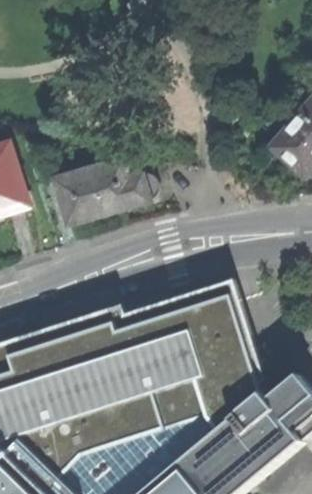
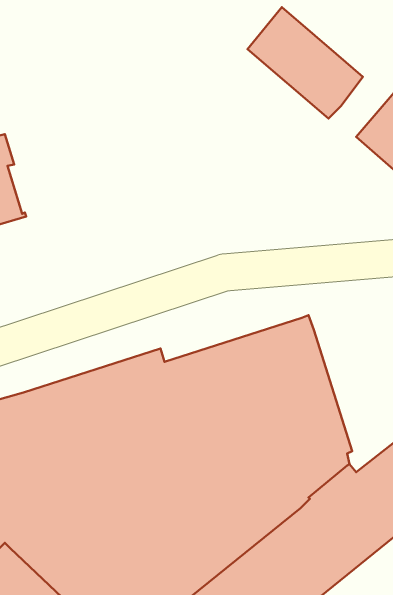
building: none -> [247,7,363,118]
building: [53,165,144,224] -> none

